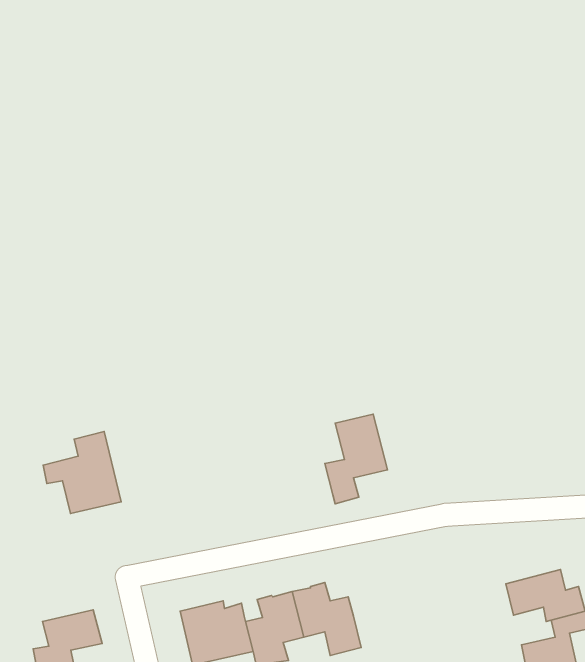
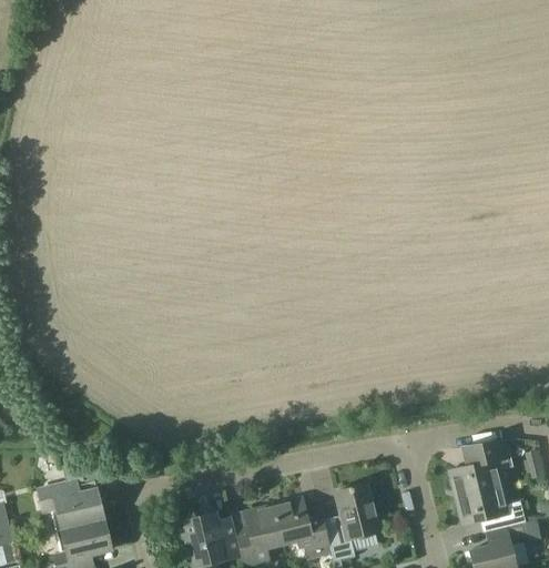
building: [325,414,387,504] -> [326,485,379,561]
building: [43,431,121,513] -> [38,462,104,531]
building: none -> [449,440,512,499]

